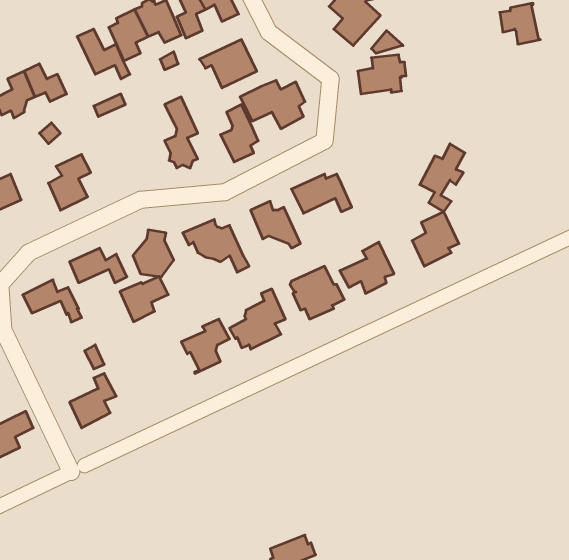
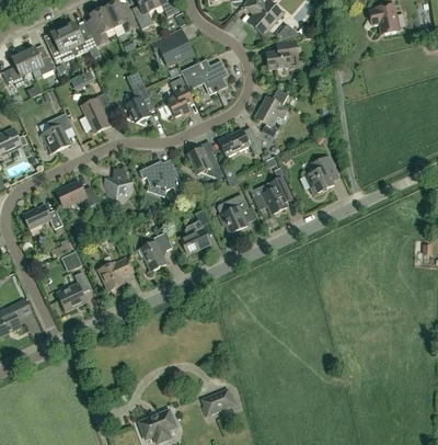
building: none -> [49,27,76,62]
building: none -> [79,93,112,133]
building: [420,144,465,212] -> [255,88,288,137]
building: [120,276,168,322] -> [99,258,134,290]

